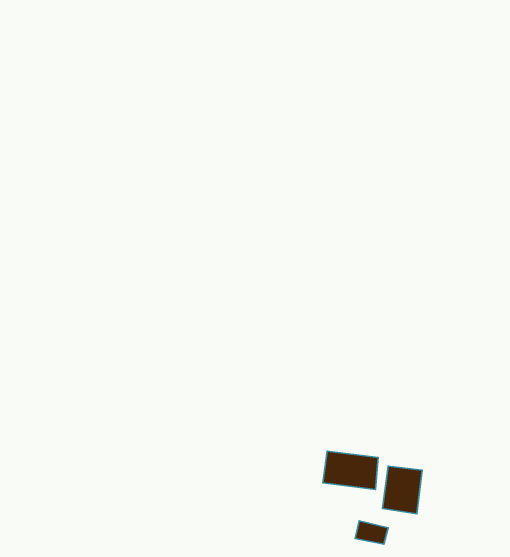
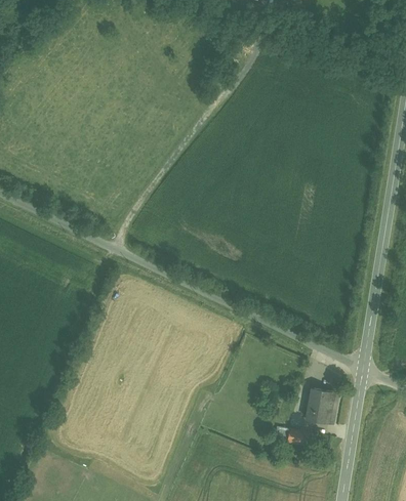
building: [323,451,378,489] -> none

